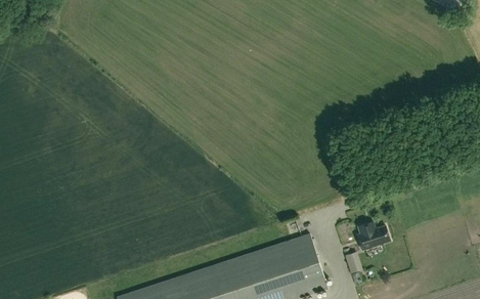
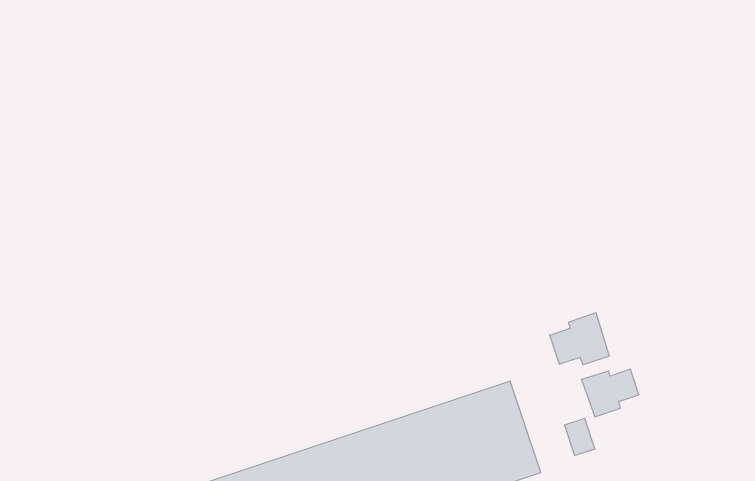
building: none -> [550,313,609,365]

